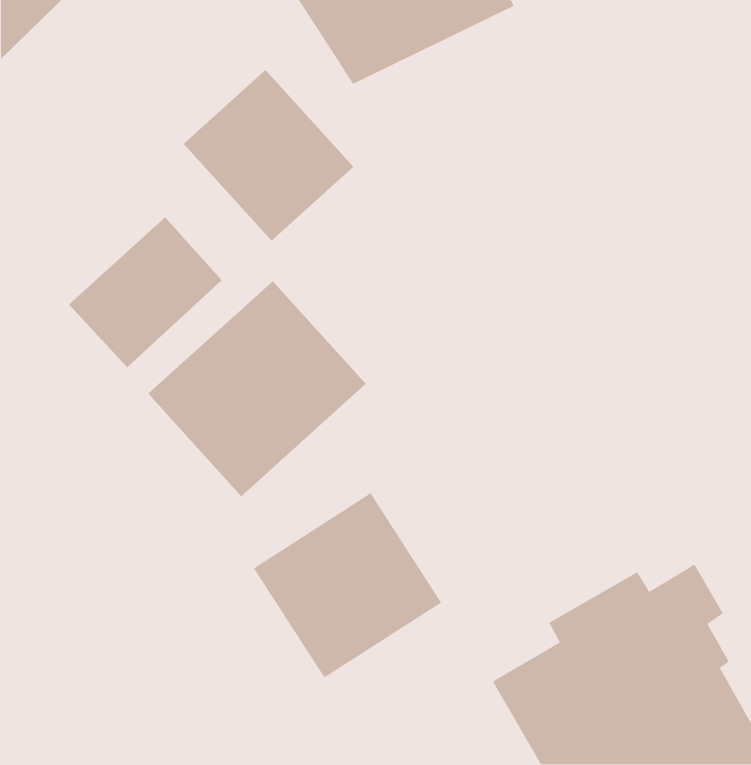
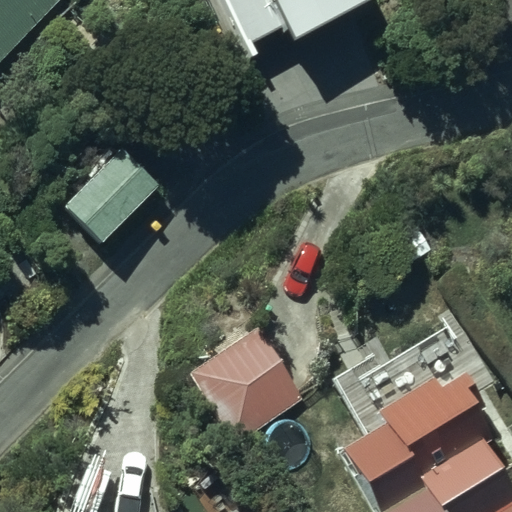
building: [183,69,354,242] -> none
building: [147,280,367,497] -> none

